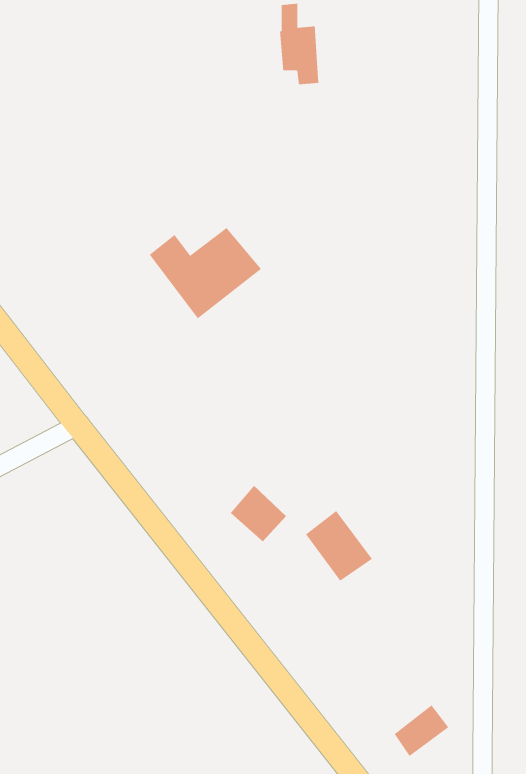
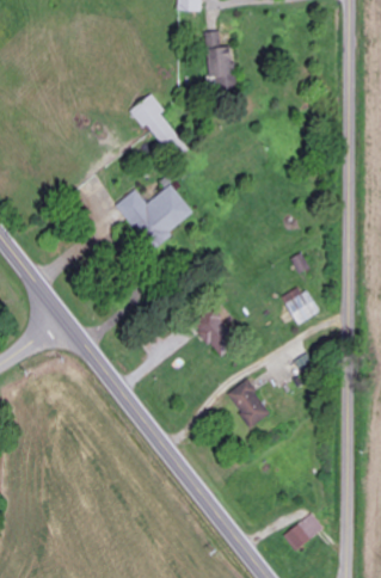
building: none -> [131,96,183,152]
building: none -> [283,288,319,325]
building: [230,485,287,542] -> [195,313,234,352]

